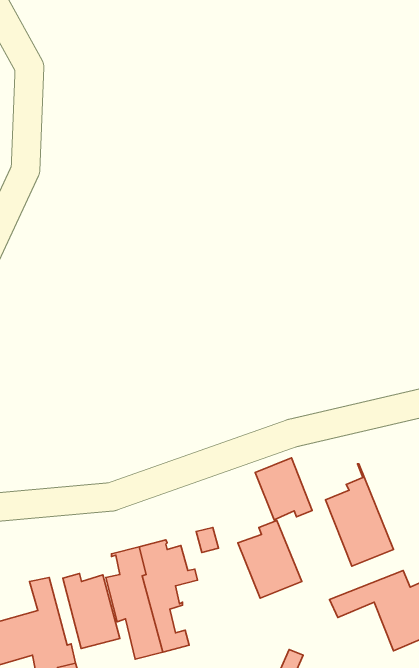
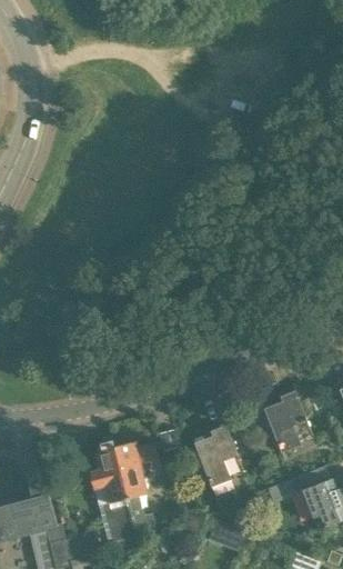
building: [255,458,312,520] -> none
building: [63,573,120,649] -> none

